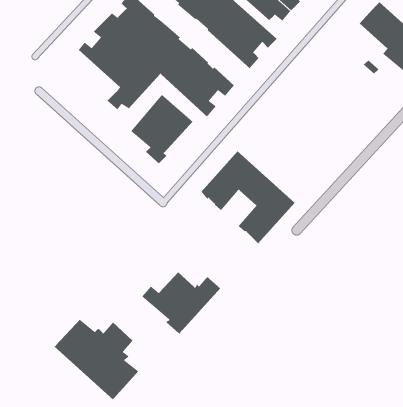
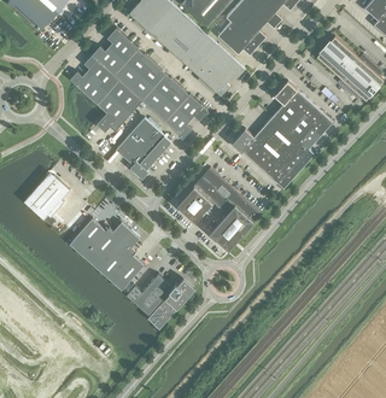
building: none -> [232,81,332,188]
building: none -> [28,176,70,218]
building: [54,319,139,400] -> [69,218,144,289]

